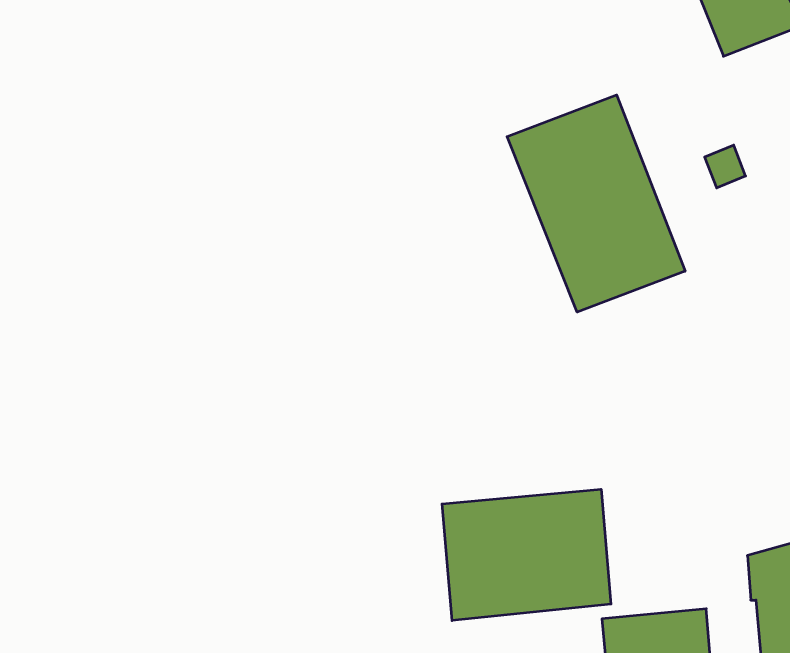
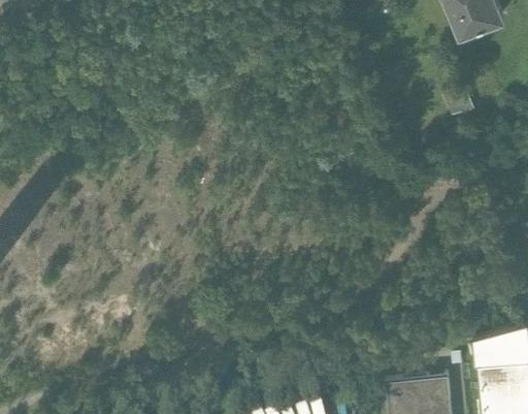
building: [507,95,685,312] -> none
building: [442,489,611,621] -> none

